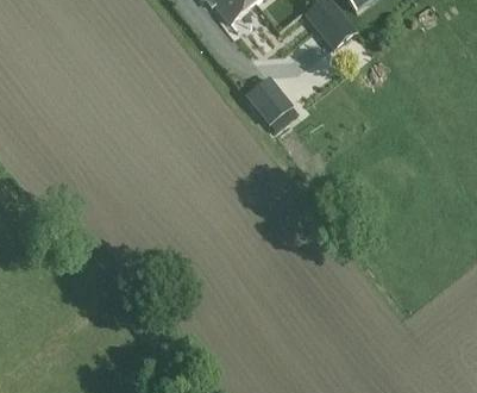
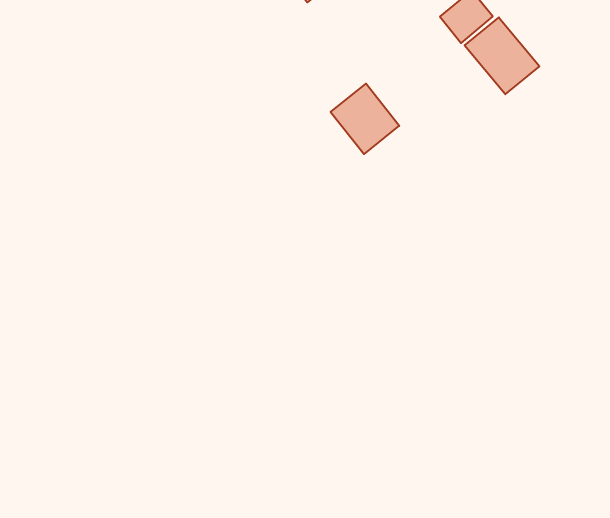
building: none -> [465,17,539,94]

